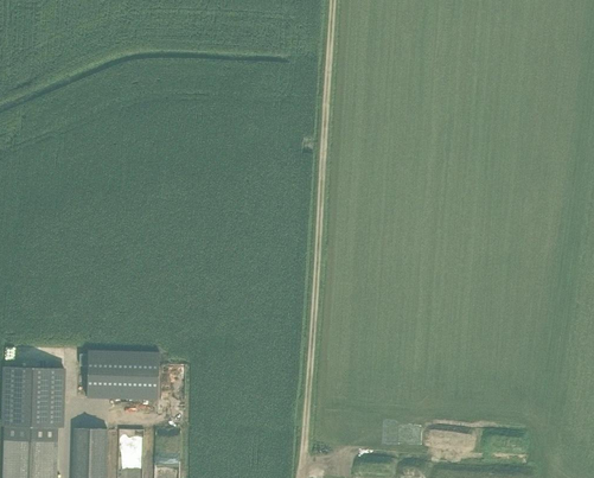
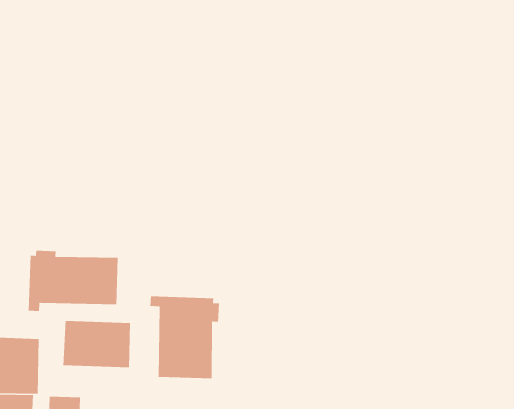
building: none -> [28,250,118,312]
building: none -> [149,296,220,379]

